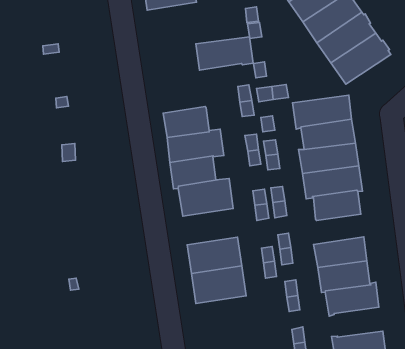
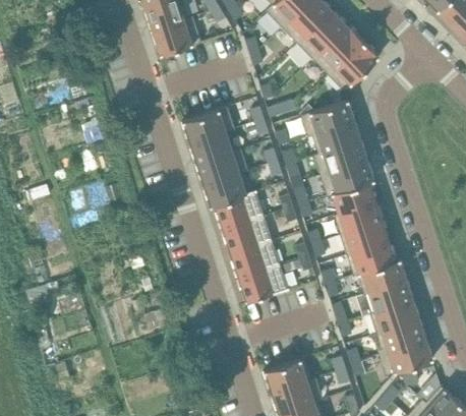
building: [196,37,253,70] -> [182,106,235,142]
building: none -> [222,215,273,253]
building: none -> [334,200,383,234]
building: none -> [368,279,413,311]

